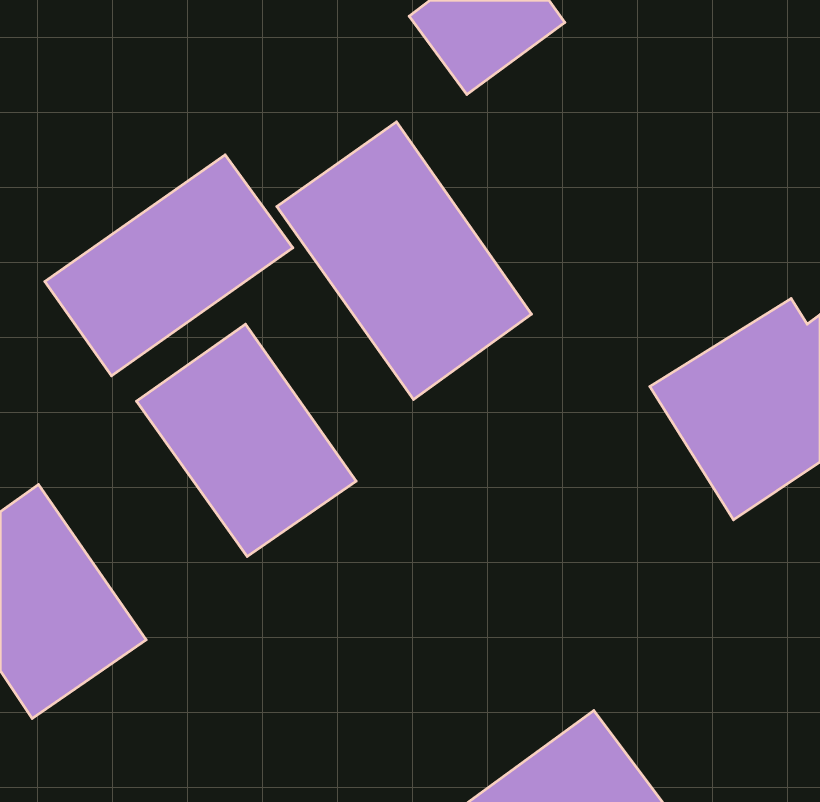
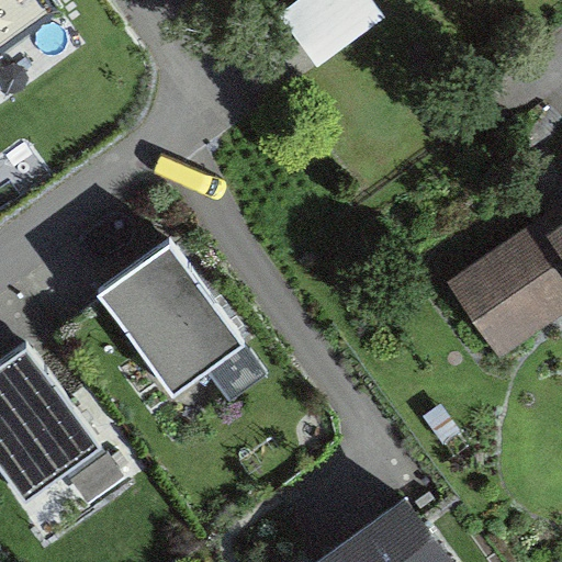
building: [277,122,532,400] -> none
building: [45,155,293,376] -> none

